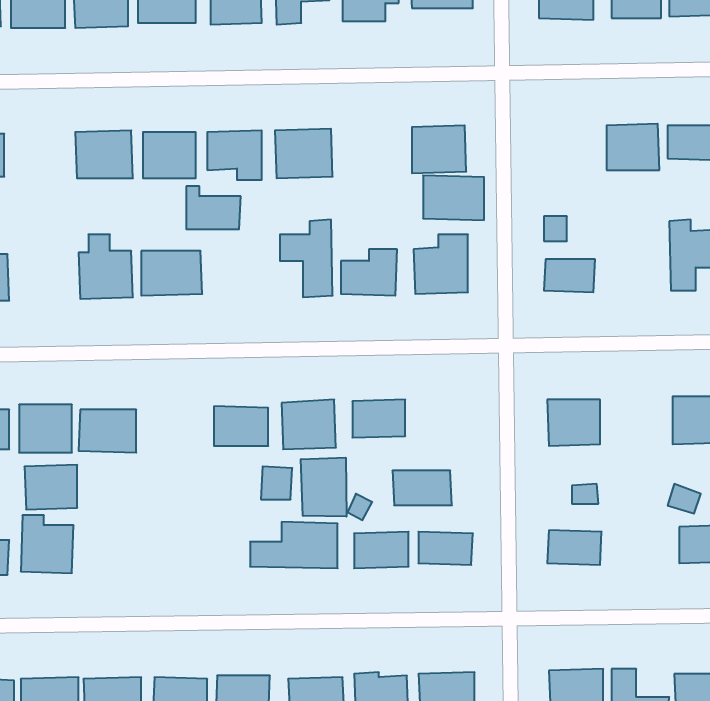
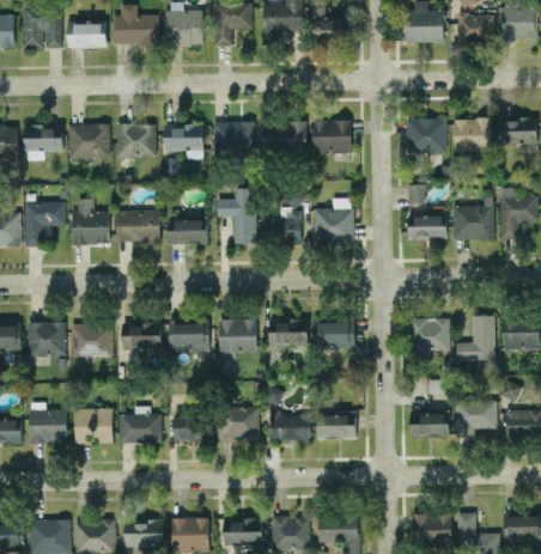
building: none -> [406,118,446,153]
building: none -> [24,124,63,152]
building: [423,175,484,220] -> [262,122,306,154]
building: [186,186,241,229] -> [169,213,208,244]
building: none -> [452,196,494,241]
building: none -> [24,202,66,246]
building: none -> [456,316,496,361]
building: none -> [122,322,162,349]
building: [301,458,346,517] -> none
building: [24,465,77,509] -> [74,408,113,440]
building: [261,466,292,499] -> [172,418,195,442]
building: [392,471,452,505] -> [312,322,355,347]
building: none -> [456,400,497,438]
building: none -> [118,406,162,444]

